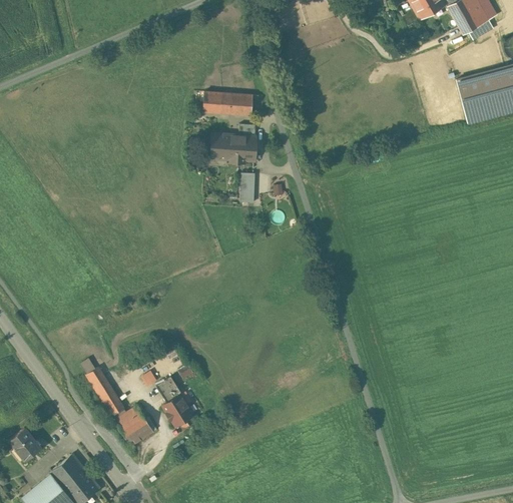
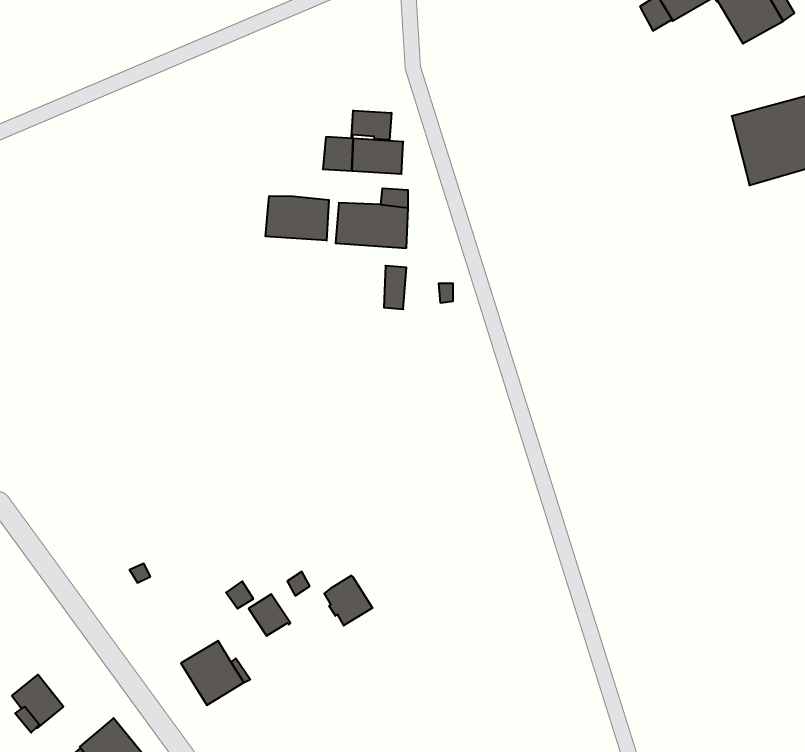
building: none -> [351,110,391,140]
building: none -> [266,196,329,241]
building: [86,368,124,416] -> none
building: [163,395,193,426] -> [324,576,373,626]

